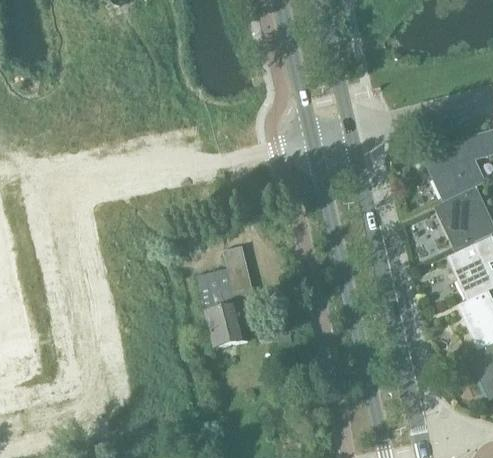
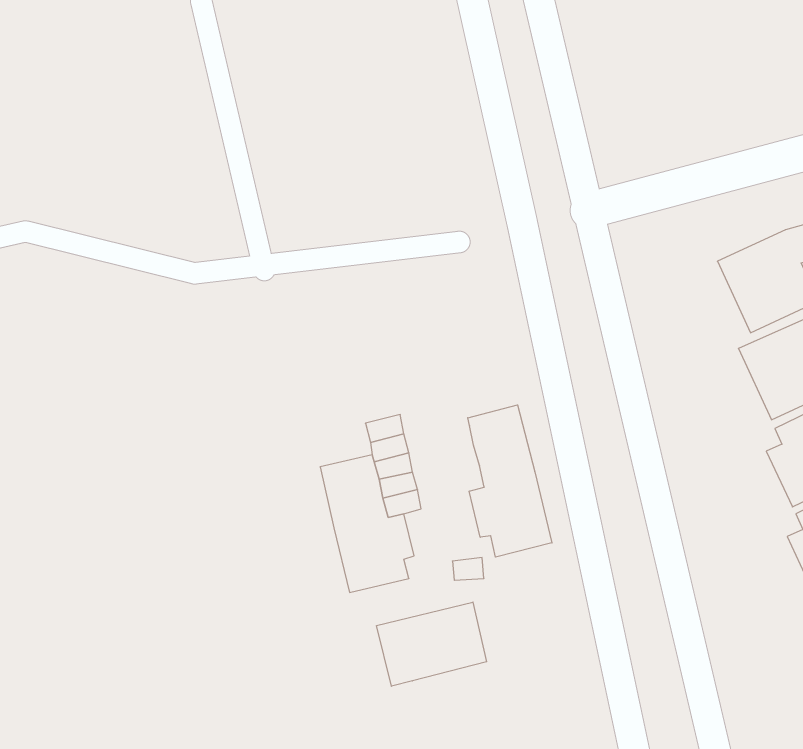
building: none -> [468,405,552,557]
building: none -> [377,602,487,686]

